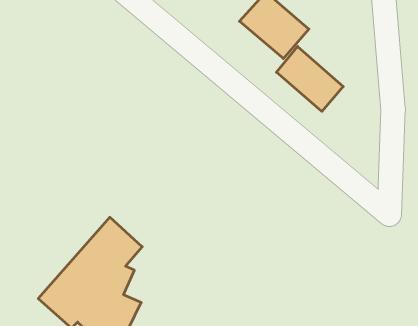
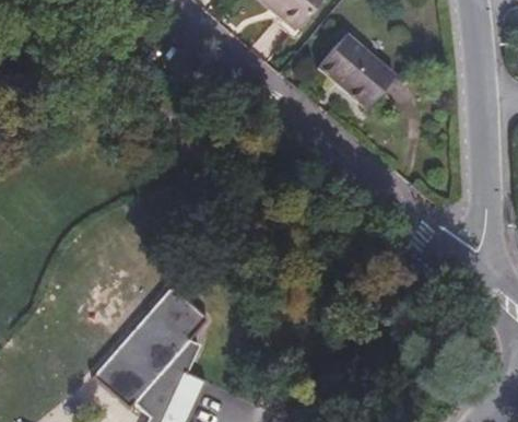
building: [276,46,343,111] -> none

